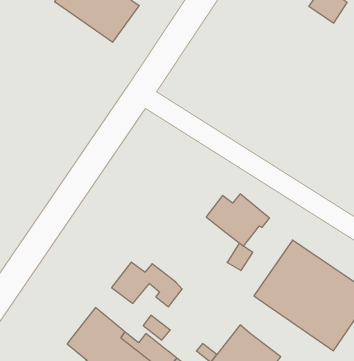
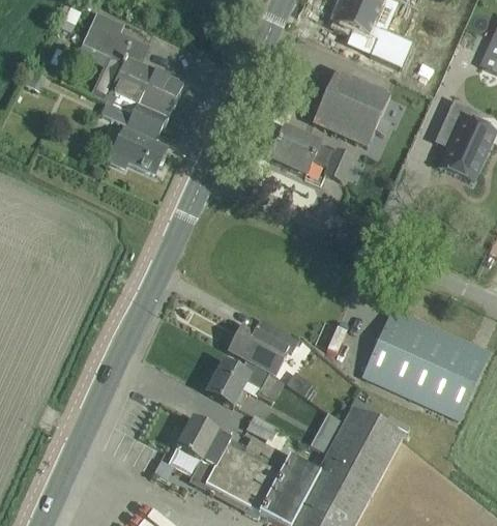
building: none -> [101,101,166,173]
building: none -> [313,70,389,146]
building: none -> [270,127,352,180]
building: [206,194,269,246] -> [229,319,297,375]

